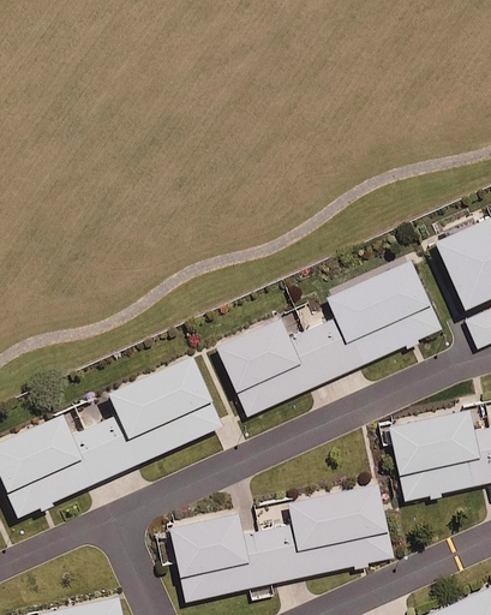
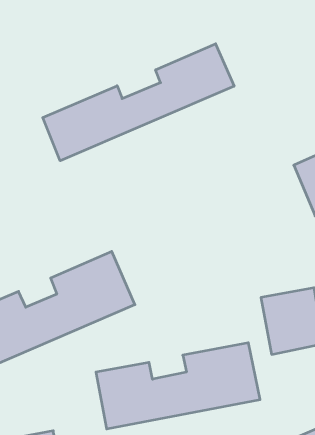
building: none -> [43,44,234,161]
building: [217,264,441,419] -> none

